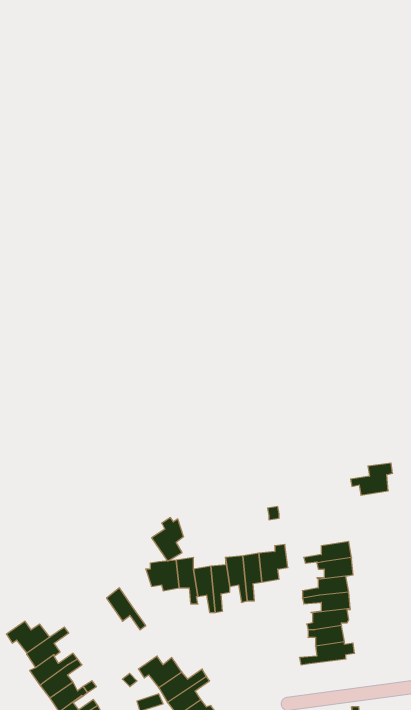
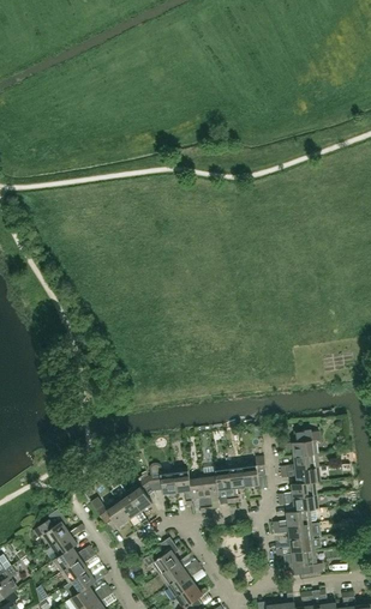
building: [351,463,393,495] -> [286,432,321,458]
building: [152,518,184,561] -> [127,476,154,512]
building: none -> [91,499,130,527]
building: none -> [285,551,322,575]

